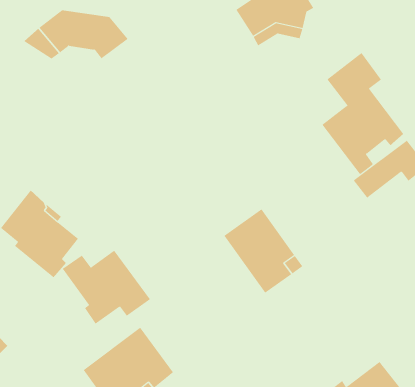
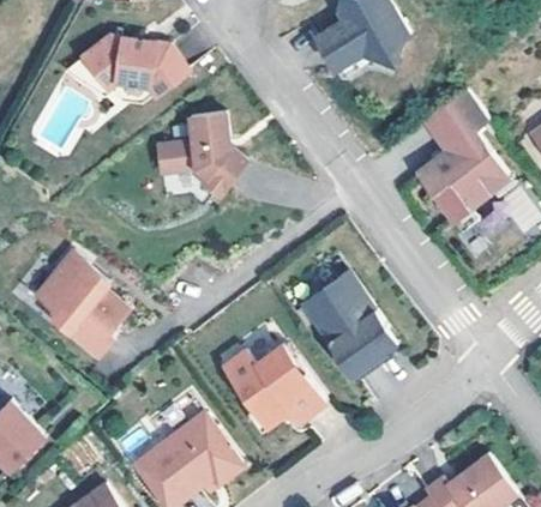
building: none -> [151,113,245,199]
building: [62,250,151,324] -> [221,343,326,431]

